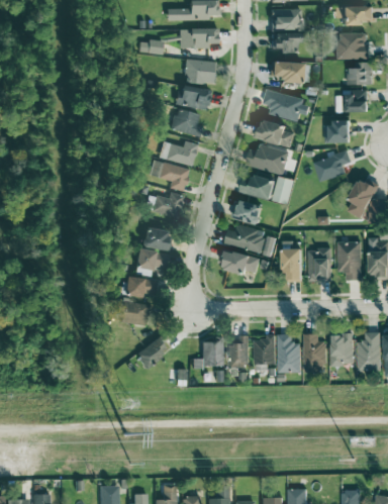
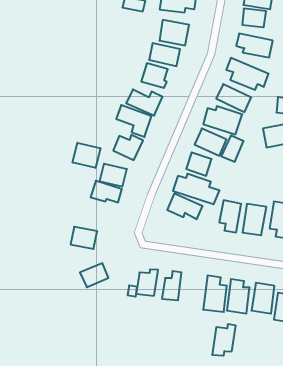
building: none -> [73,143,100,168]
building: [123,276,156,298] -> none
building: [255,334,276,371] -> [212,324,236,356]

